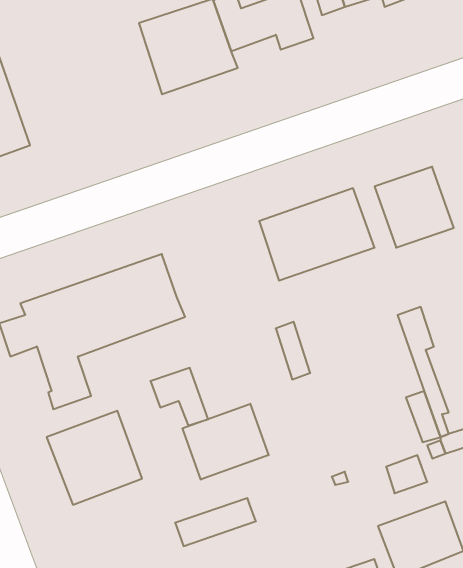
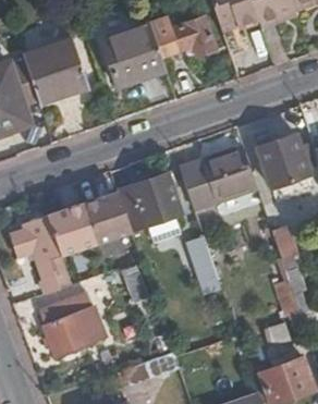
building: none -> [22,36,87,100]
building: none -> [117,172,181,224]
building: [183,404,269,480] -> none

